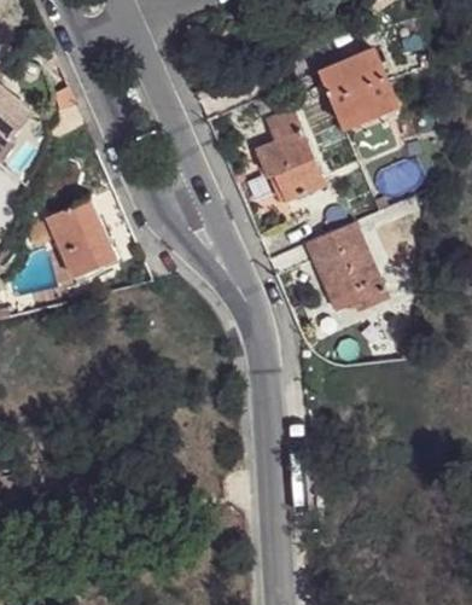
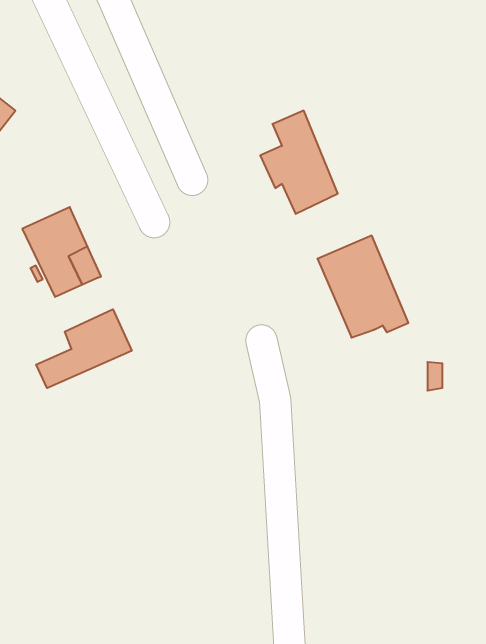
building: [316,53,401,145] -> none
building: none -> [36,309,132,388]

